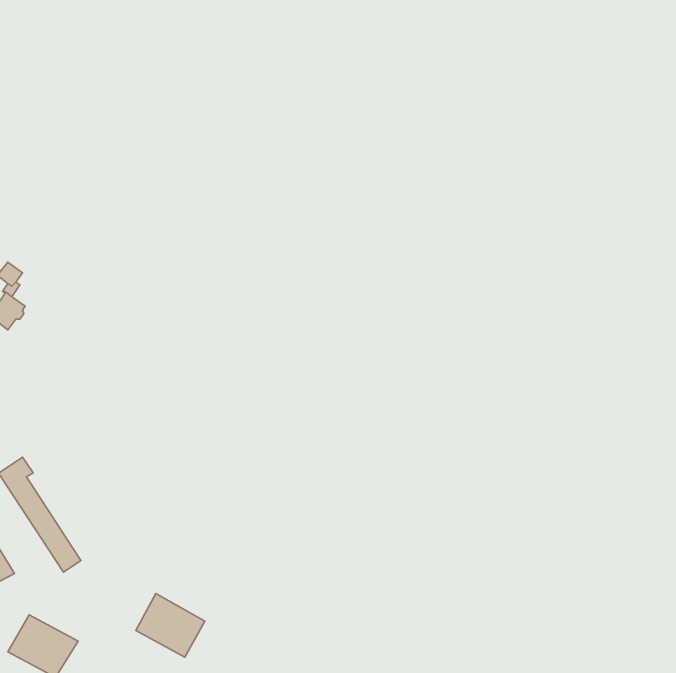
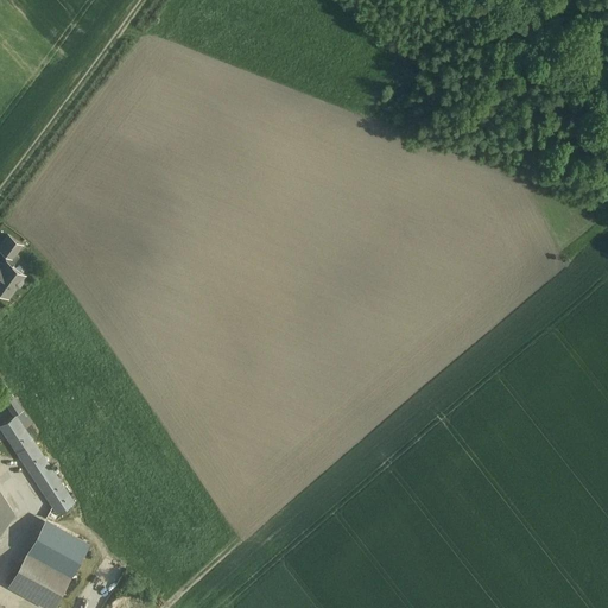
building: [136,593,205,657] -> [26,521,88,578]

